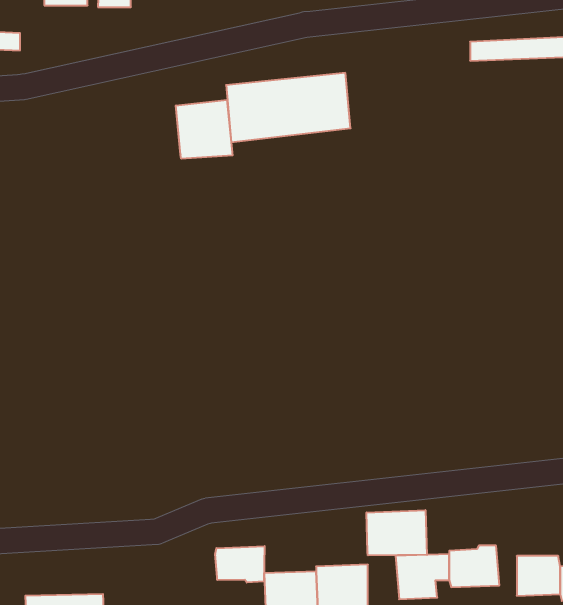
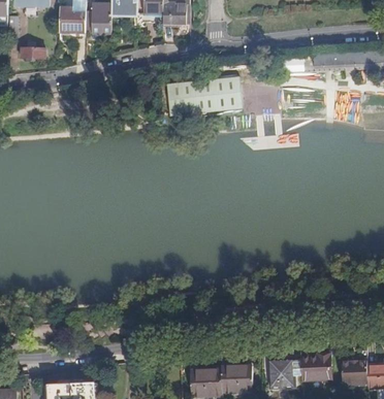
building: [176,100,233,159] -> none
building: [367,510,427,555] -> none
building: [215,546,265,583] -> none

